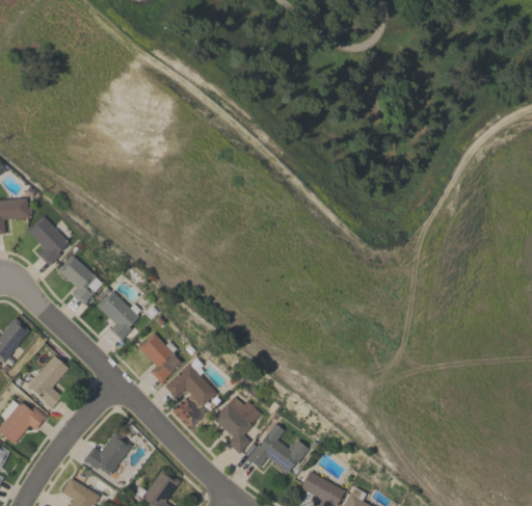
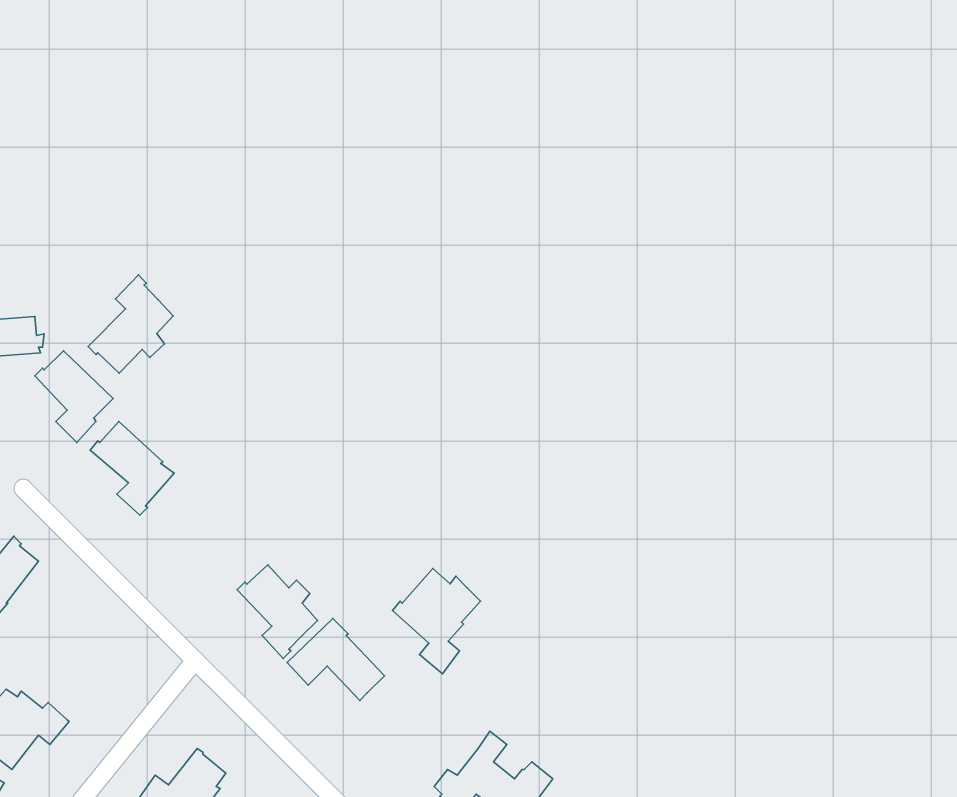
building: none -> [88,275,173,373]
building: [96,291,141,340] -> none
building: [28,355,69,407] -> none
building: [213,396,261,453] -> [393,569,481,674]

